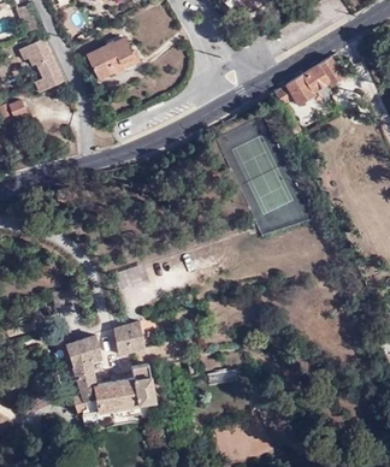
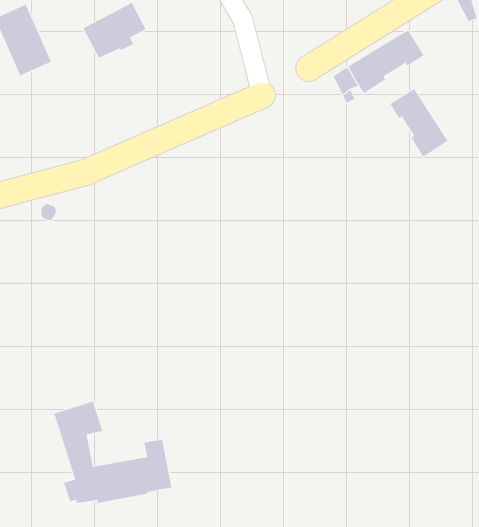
building: none -> [390,88,448,158]
building: [113,321,144,354] -> none

